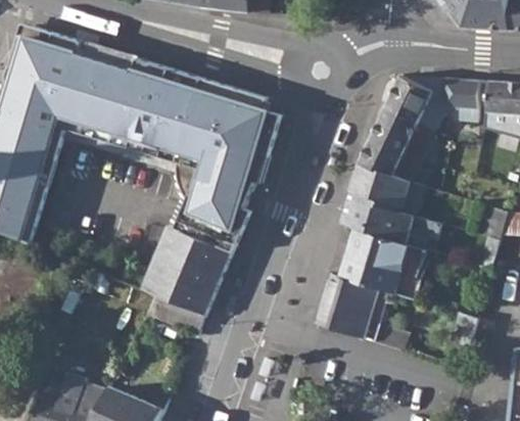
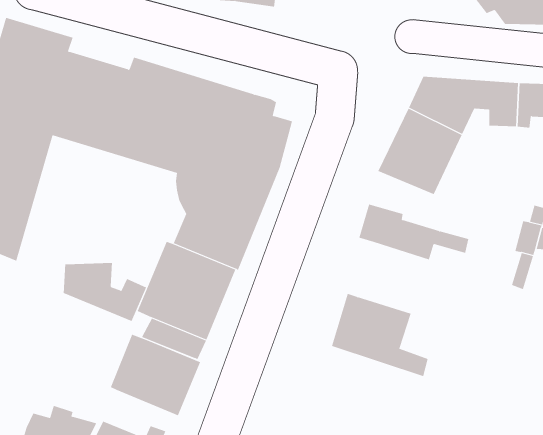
building: [350,161,423,216] -> none
building: [340,226,424,296] -> none
building: none -> [63,262,147,322]
building: none -> [110,334,201,416]

